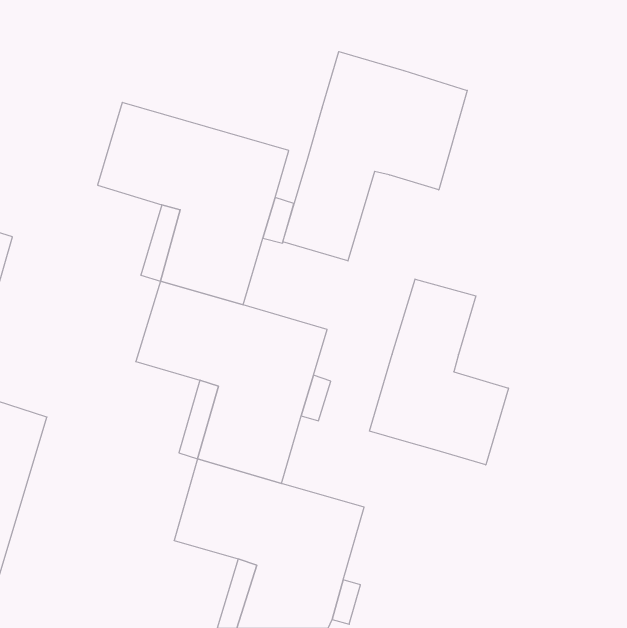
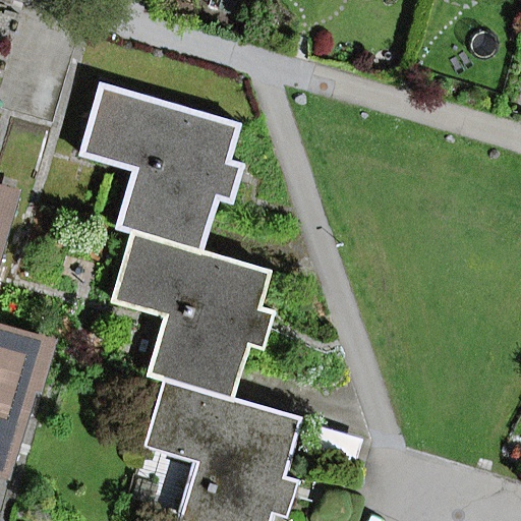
building: [283,52,467,261] -> none
building: [370,279,508,465] -> none

